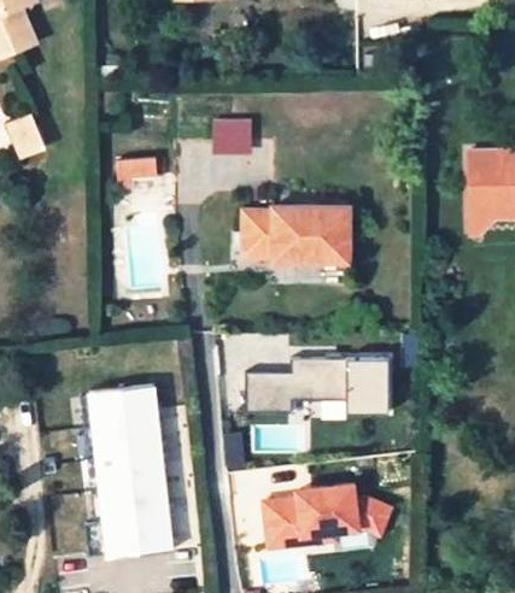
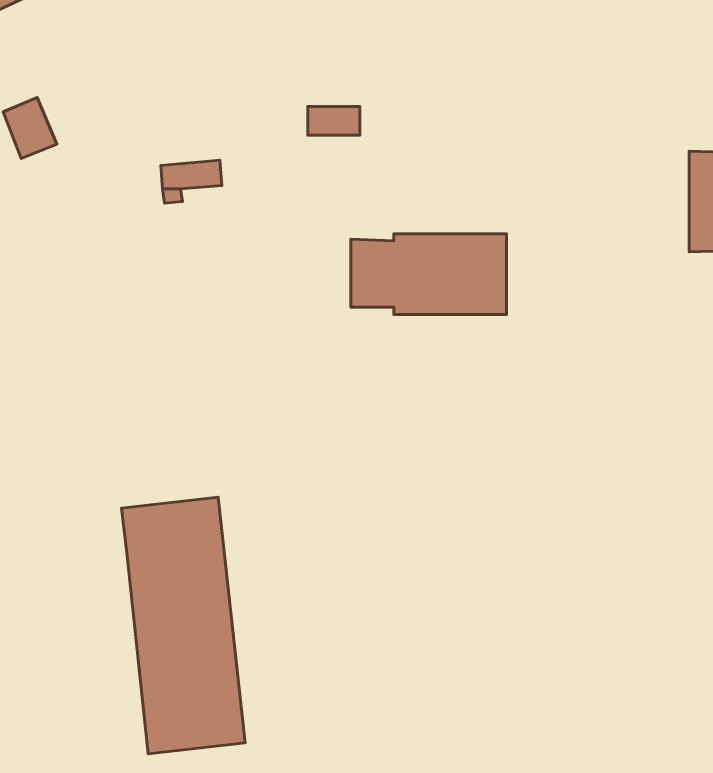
building: [245,356,388,412] -> none
building: [263,485,388,546] -> none

